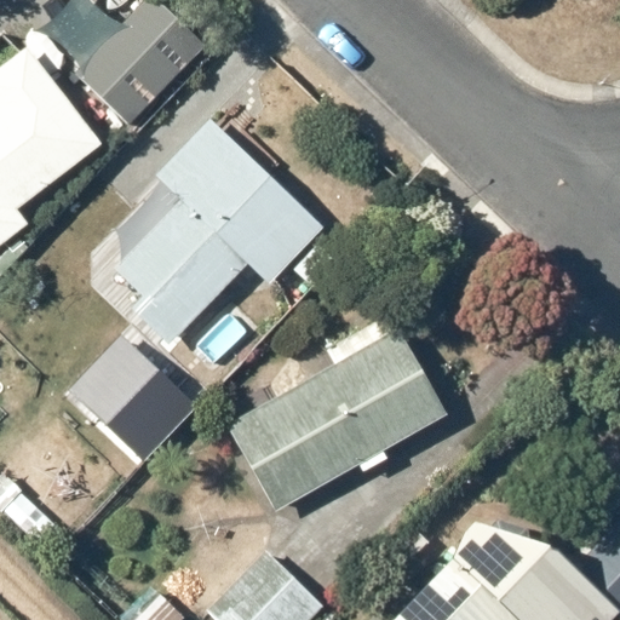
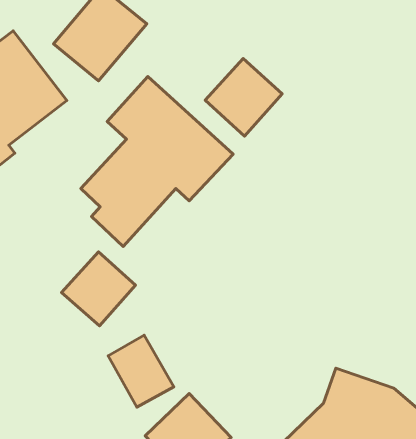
building: none -> [205,59,282,136]
building: [223,327,443,512] -> none
building: none -> [108,335,174,407]

